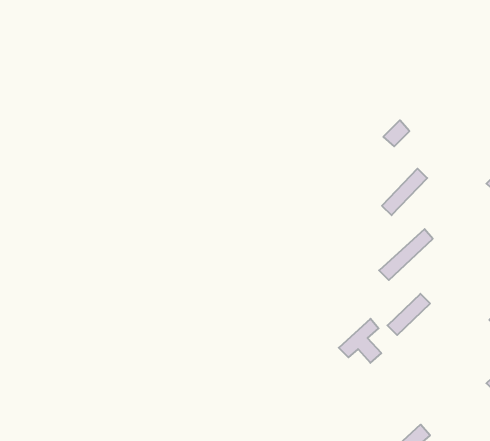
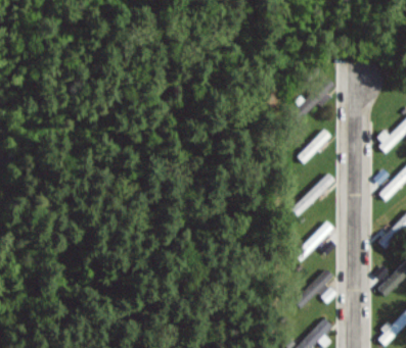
building: [339,319,381,363] -> [303,270,334,303]

